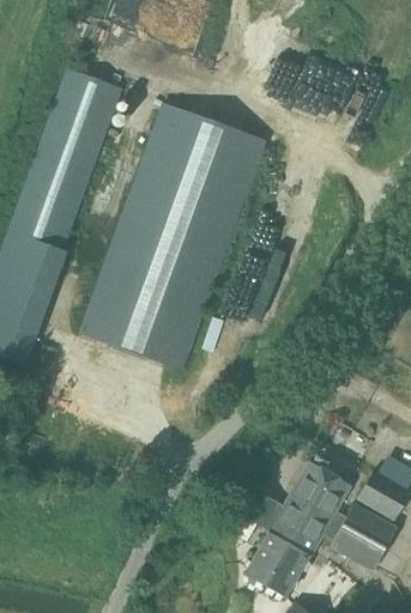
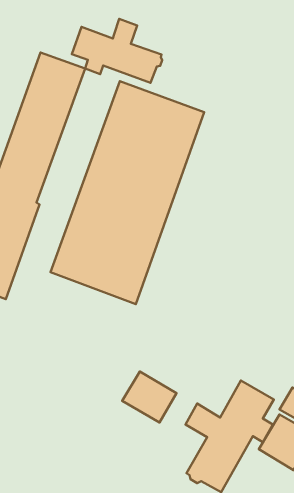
building: none -> [72,19,162,83]
building: none -> [122,371,176,422]

